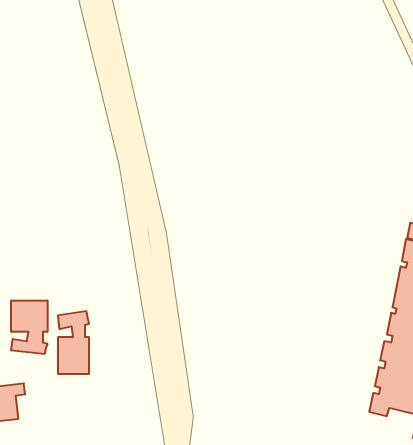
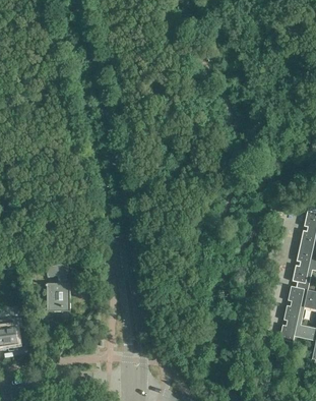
building: [11,300,47,354] -> none

